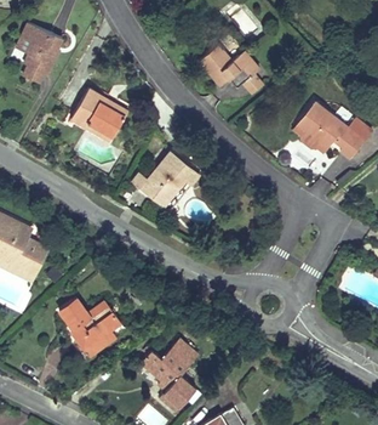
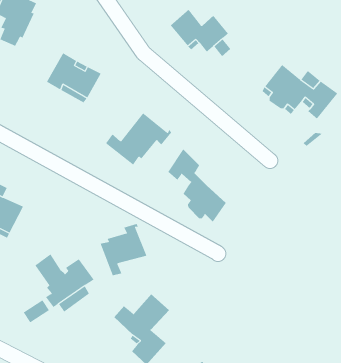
building: none -> [167,149,227,223]
building: none -> [100,223,147,276]

